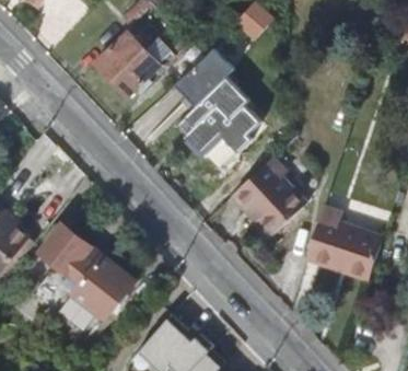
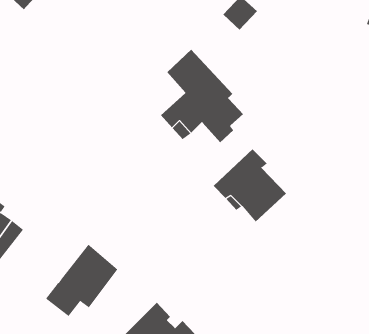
building: [94,31,160,97] -> none
building: [307,209,382,282] -> none
building: [42,225,102,290] -> none

